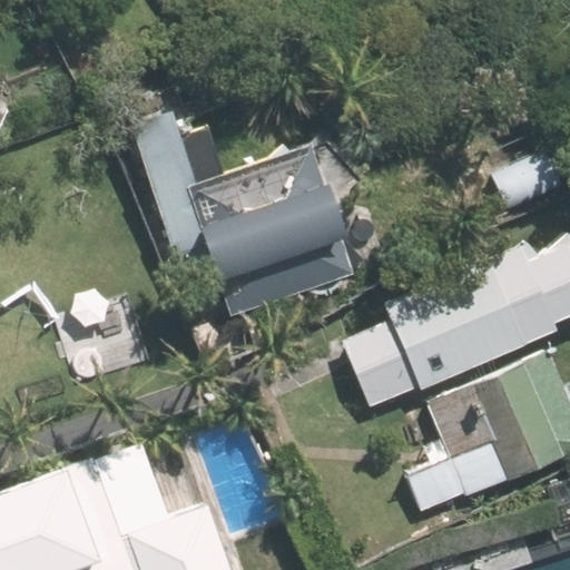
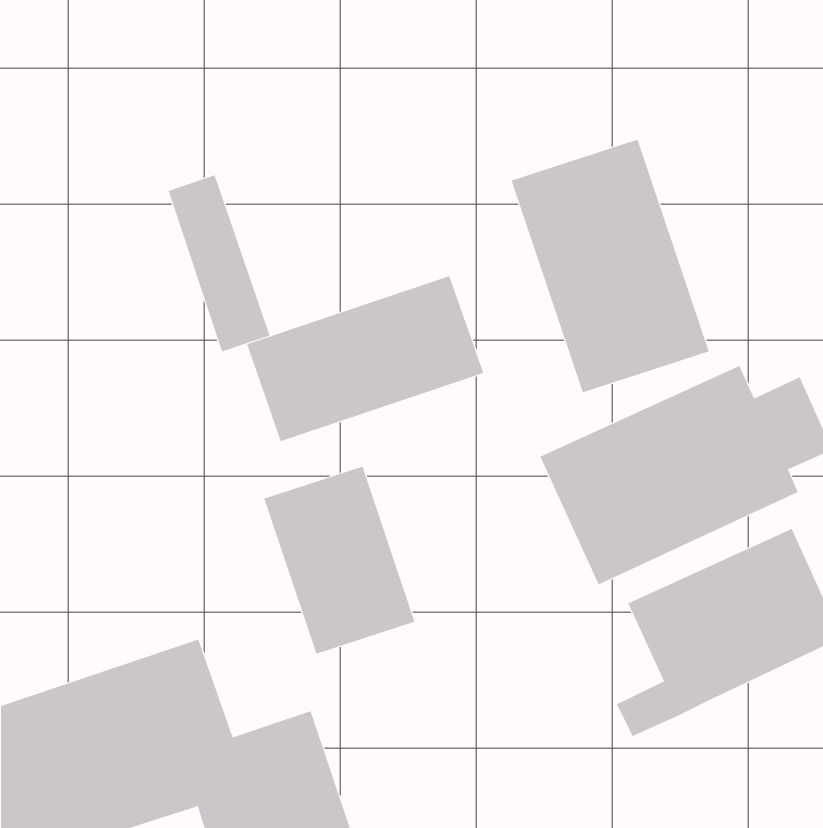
building: none -> [511,139,709,393]
building: none -> [264,466,415,655]

